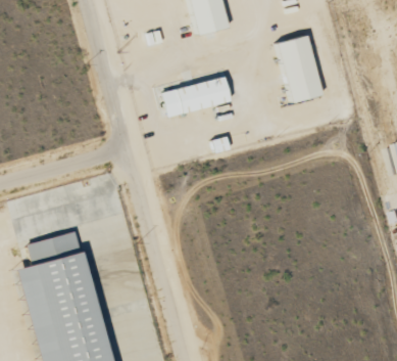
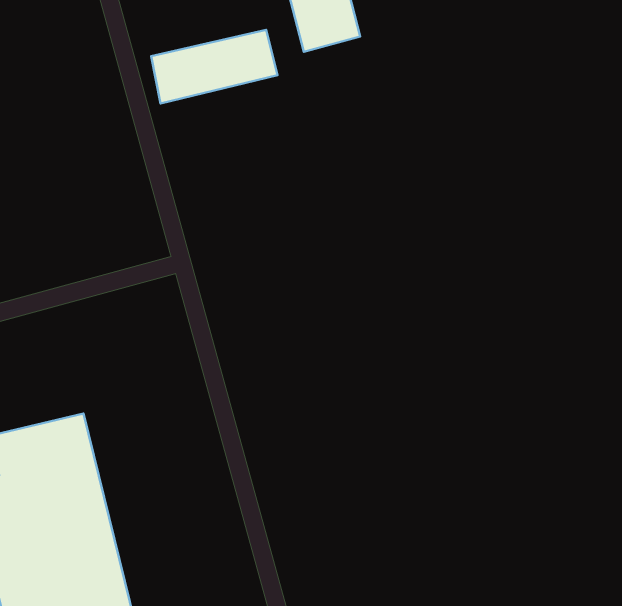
building: [278,34,324,101] -> none
building: [163,76,232,116] -> [151,30,277,103]

